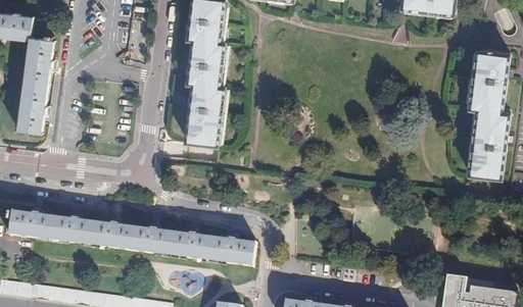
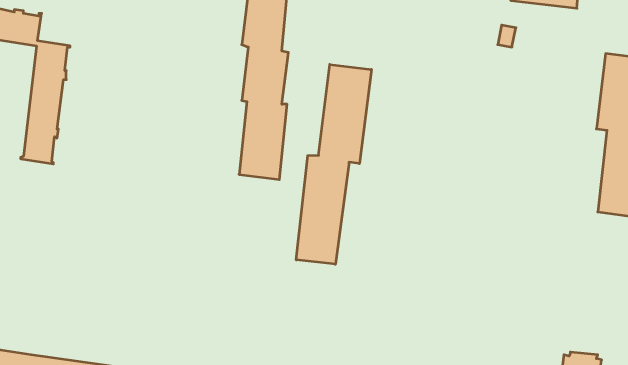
building: none -> [296,64,371,264]
building: [9,211,254,265] -> none

